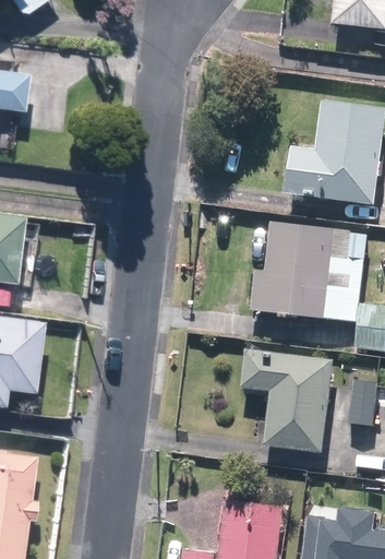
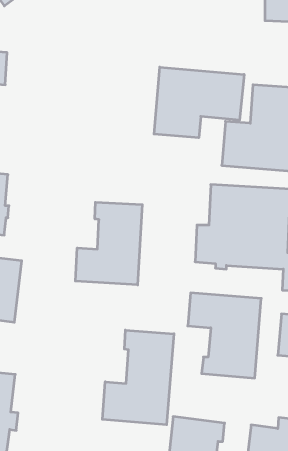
building: none -> [154,67,244,138]
building: none -> [75,202,142,285]
building: none -> [102,330,174,425]

